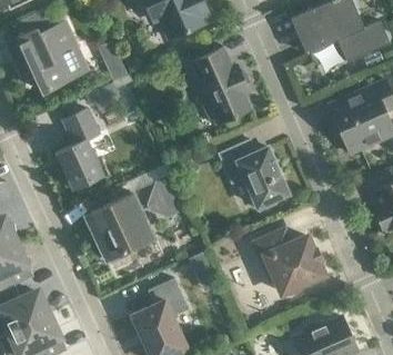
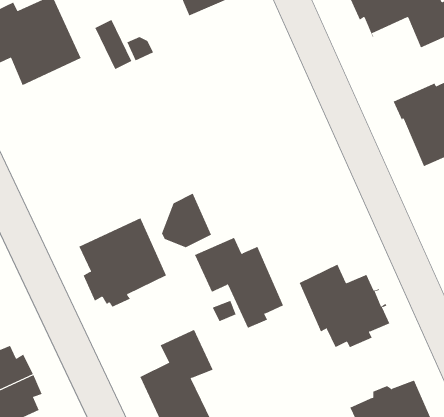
building: [190,46,251,124] -> none
building: [57,109,102,188] -> none
building: [219,140,288,210] -> [194,237,284,329]

